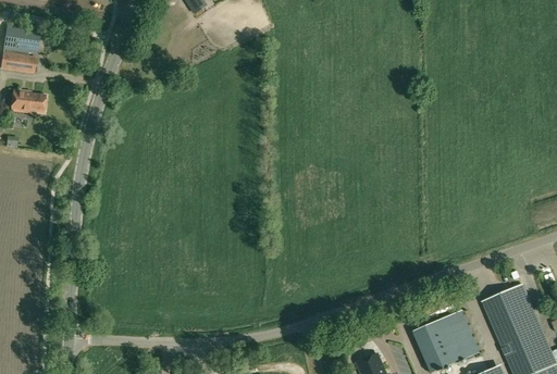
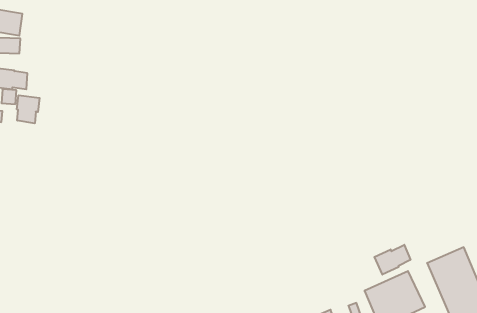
building: none -> [17,95,40,123]
building: none -> [374,245,410,275]

